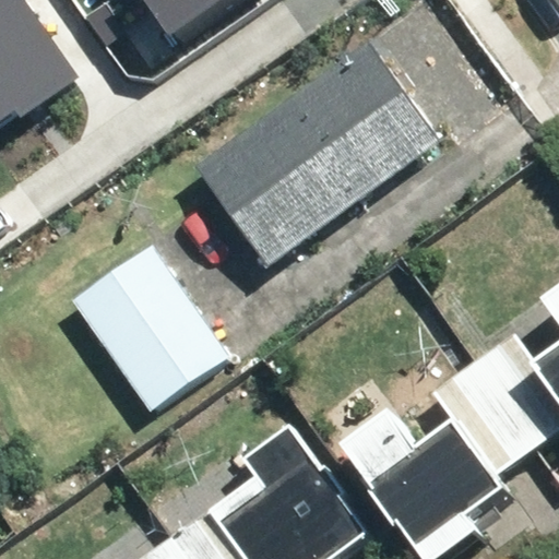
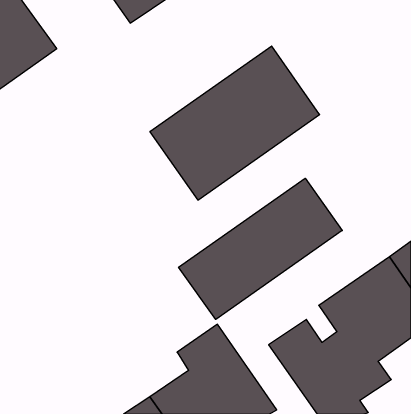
building: none -> [179,178,342,319]
building: [70,241,229,411] -> none

